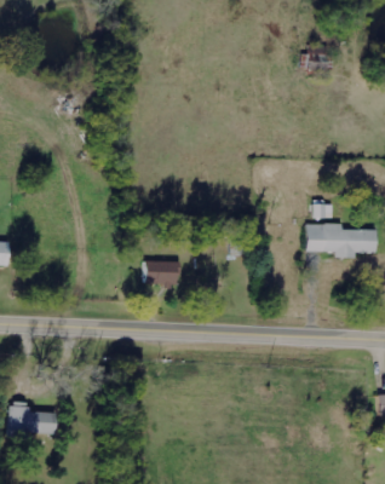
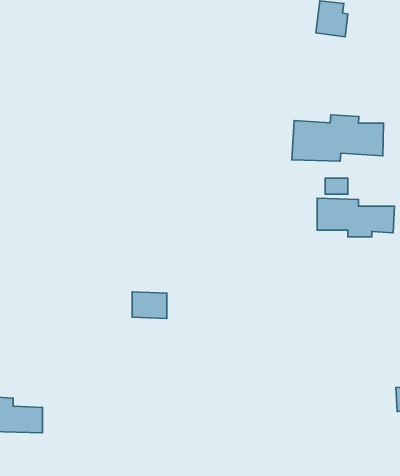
building: none -> [292,115,383,161]
building: [144,260,176,284] -> [132,292,167,319]

